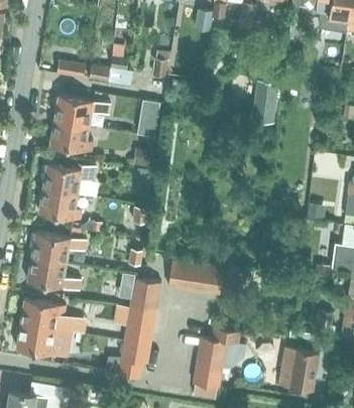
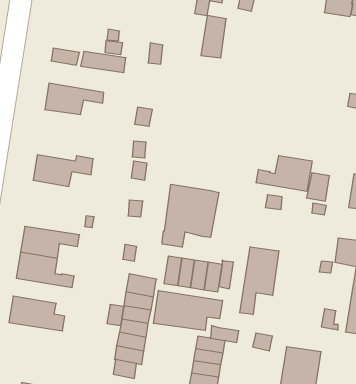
building: [253,82,277,122] -> [201,16,226,58]
building: [50,121,93,152] -> none
building: none -> [256,155,312,191]
building: [38,188,82,221] -> none
building: none -> [162,184,219,247]
building: none -> [240,247,279,315]
building: none -> [153,290,223,331]
building: [16,324,72,358] -> none

